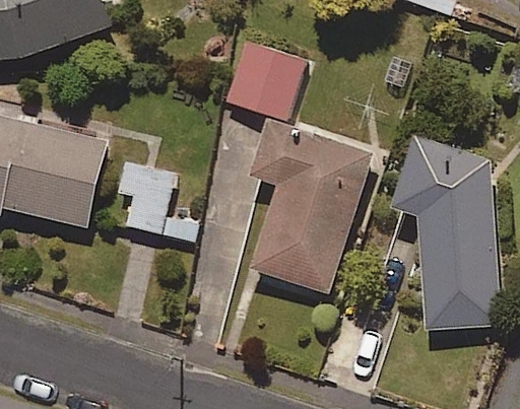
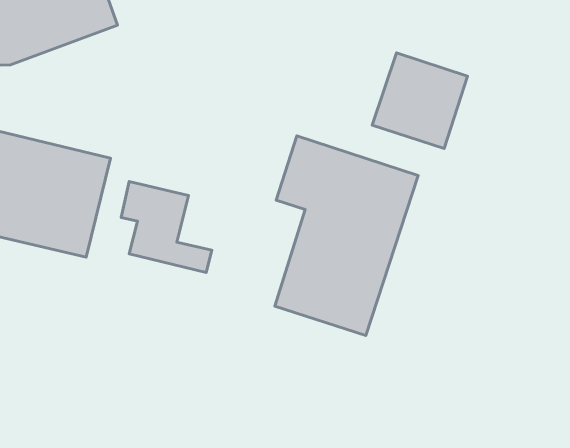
building: [221,38,305,121] -> [372,53,468,149]
building: [392,135,501,332] -> none

